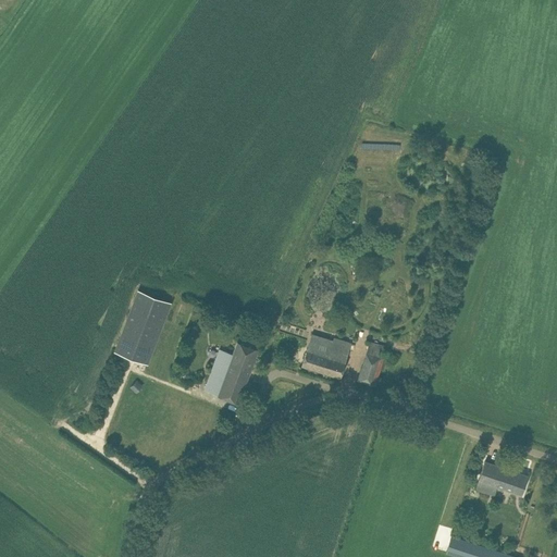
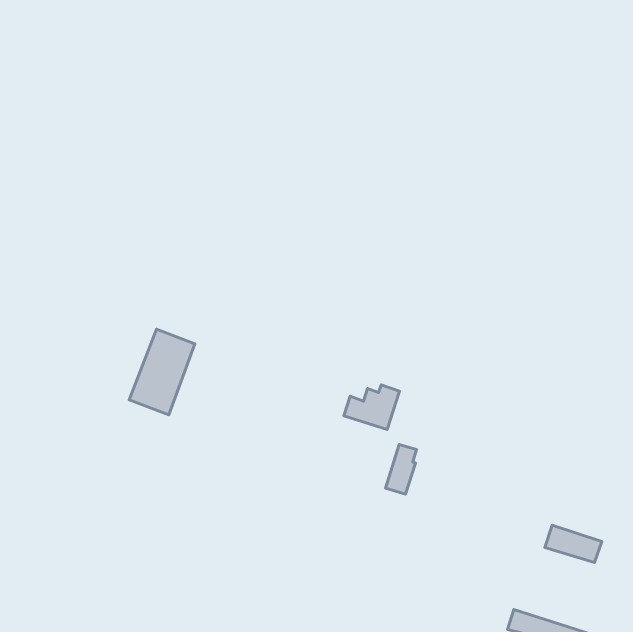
building: [203,344,257,404] -> none
building: [357,344,384,387] -> [386,445,417,494]

